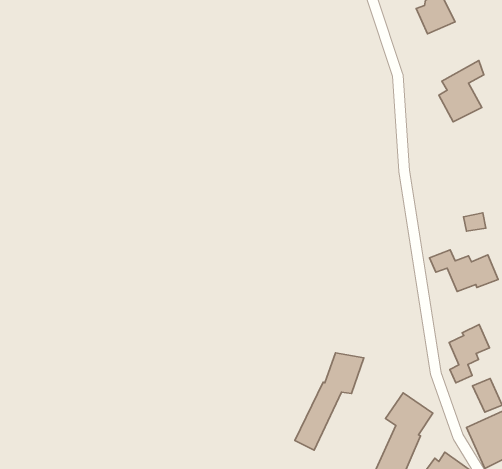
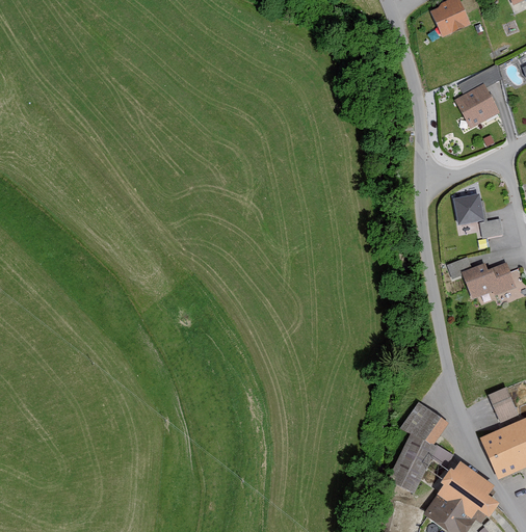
building: none -> [455,195,485,224]
building: [449,325,490,383] -> none
building: [295,353,364,450] -> none

